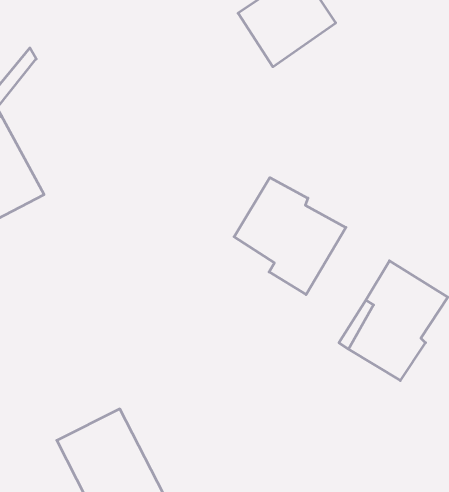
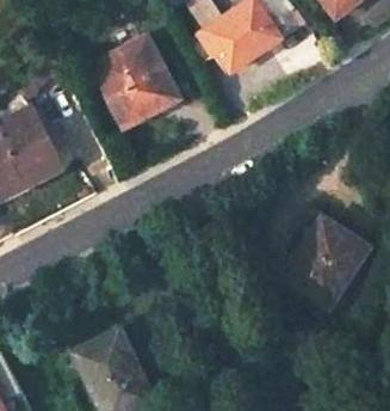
building: none -> [92,36,200,128]
building: [234,178,346,295] -> none

